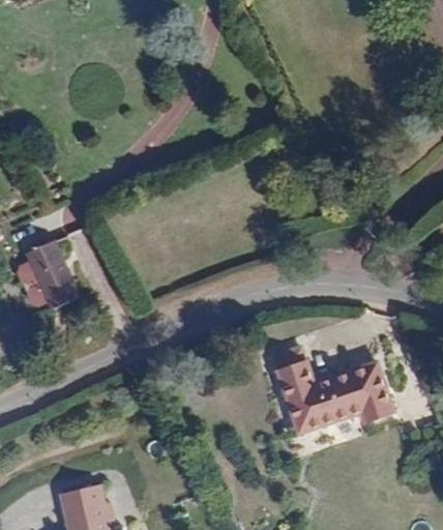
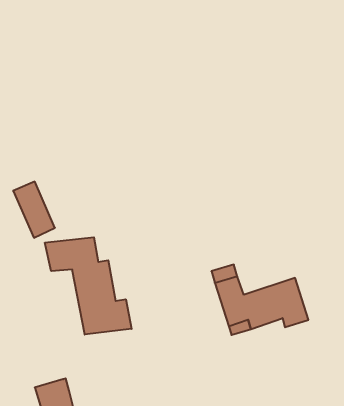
building: none -> [45,237,132,335]

